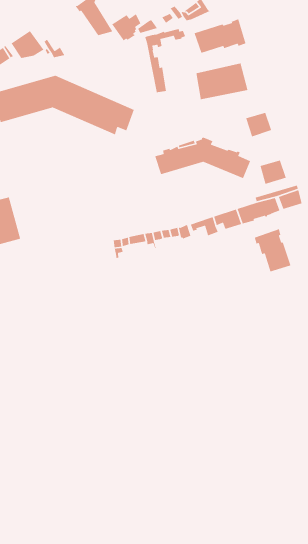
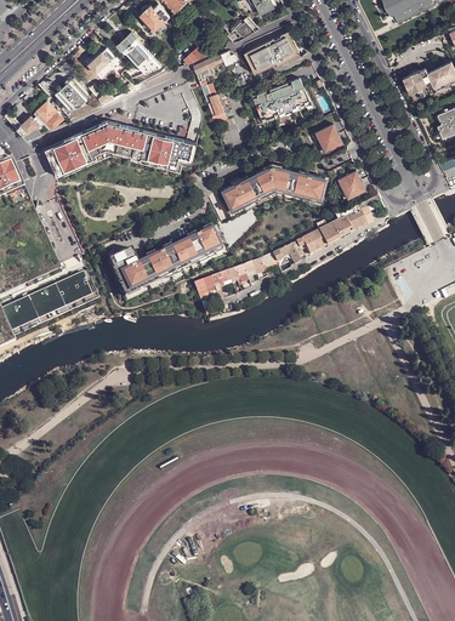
building: [111,13,142,41] -> [84,46,115,78]
building: none -> [112,226,221,292]
building: [254,228,291,272] -> none

